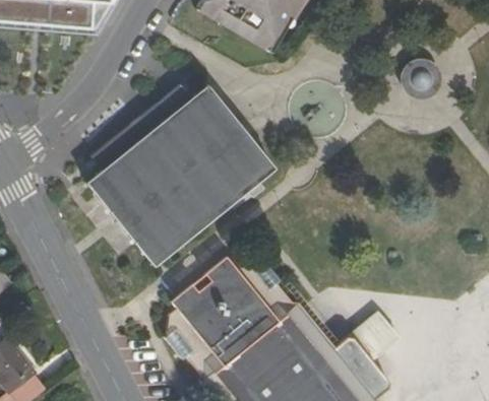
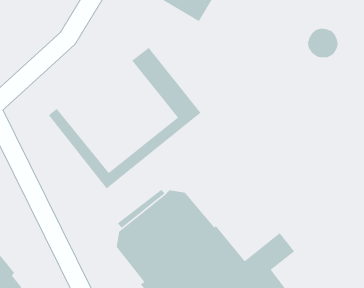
building: [87,86,244,245] -> none

